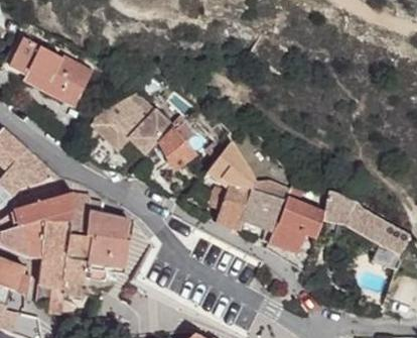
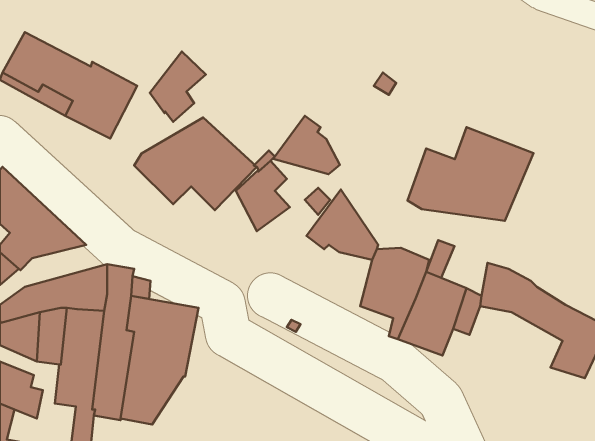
building: none -> [150,51,206,122]
building: none -> [273,116,340,174]
building: none -> [407,127,533,221]
building: [210,184,251,230] -> none

